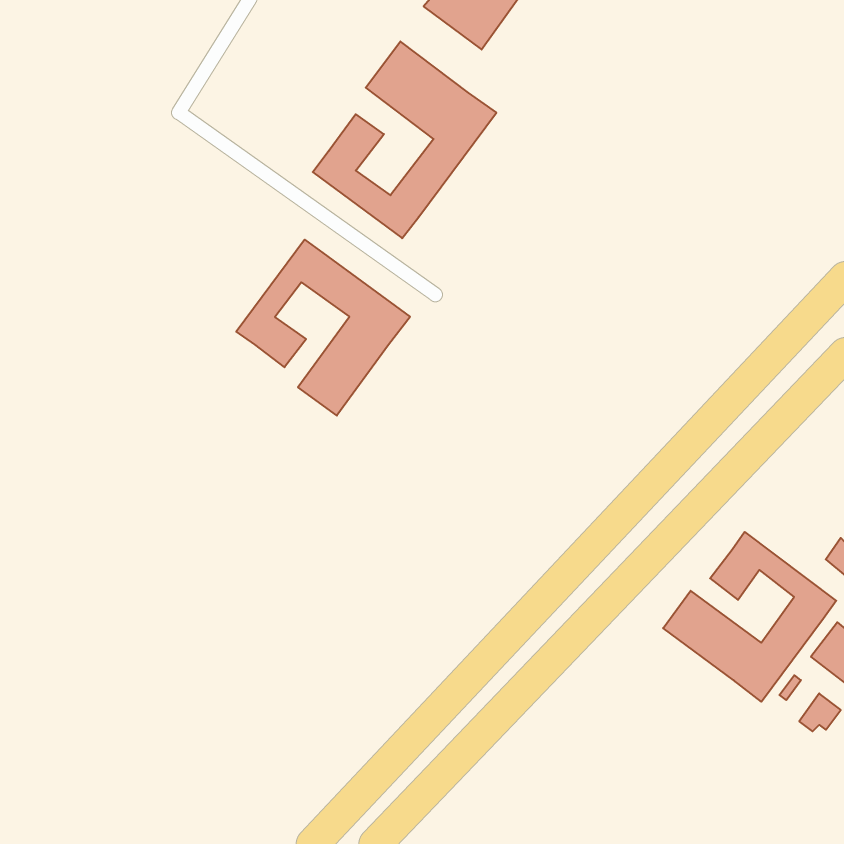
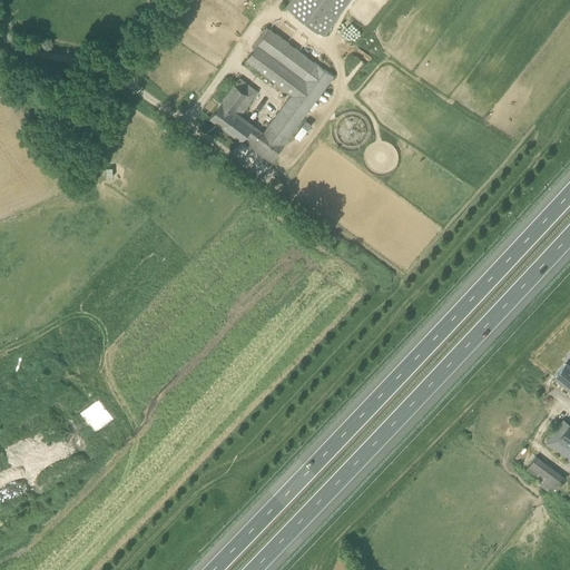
building: [236,240,410,416] -> none
building: [663,532,836,702] -> none

